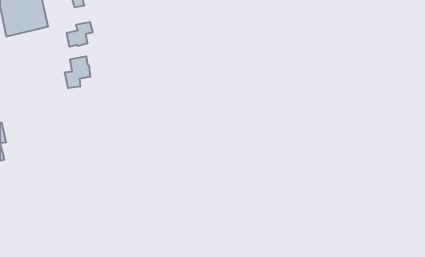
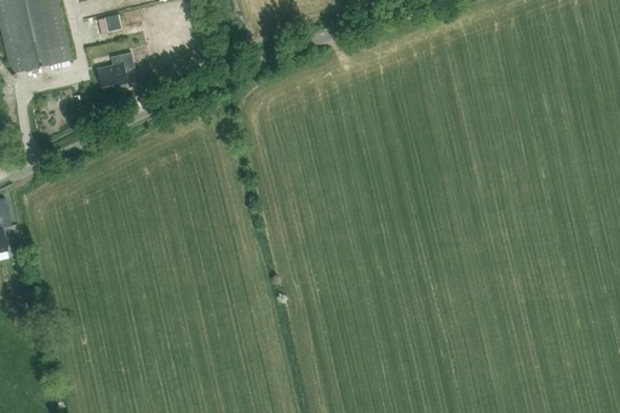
building: [65,56,90,88] -> none

